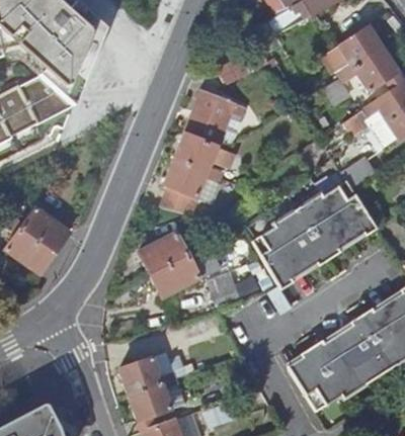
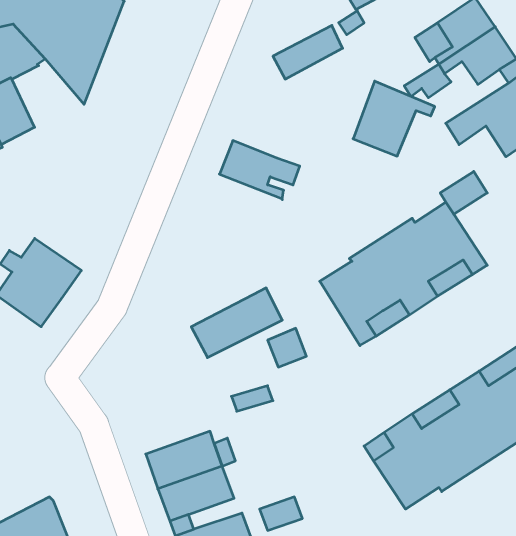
building: [17,72,72,125] -> none
building: [184,90,246,147] -> [353,81,435,156]
building: [163,159,221,211] -> none
building: [140,232,199,274] -> none

